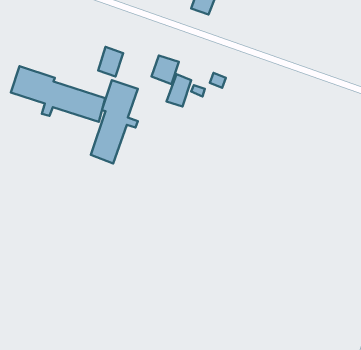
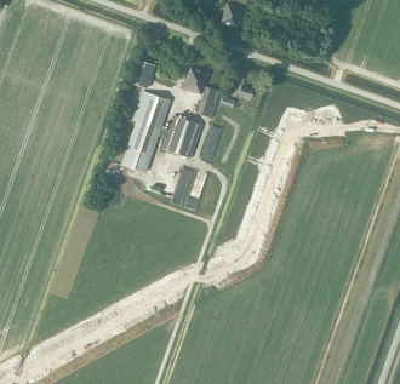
building: [11,66,105,122] -> none
building: none -> [162,115,201,156]

